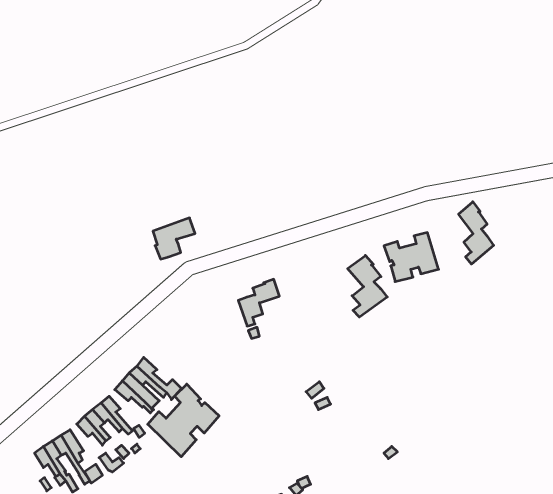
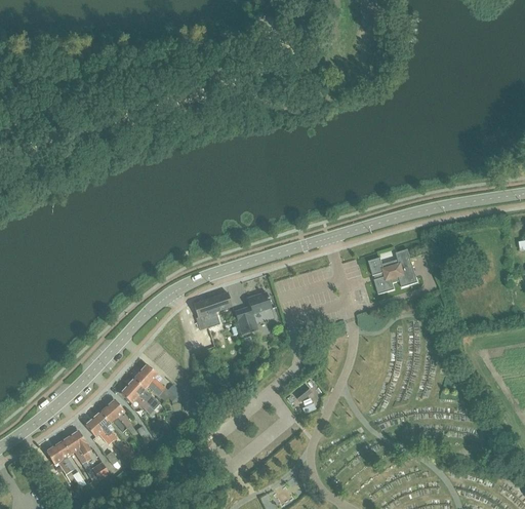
building: [459,202,494,264] -> none
building: [153,218,195,259] -> [194,291,233,329]
building: [348,255,387,317] -> none
building: [148,384,219,457] -> none

